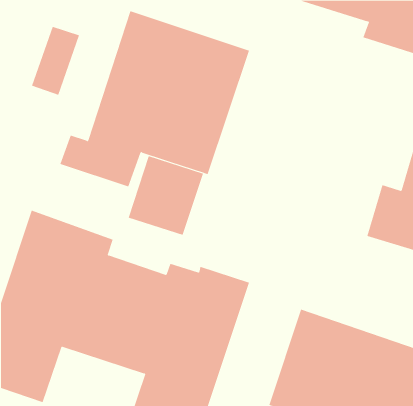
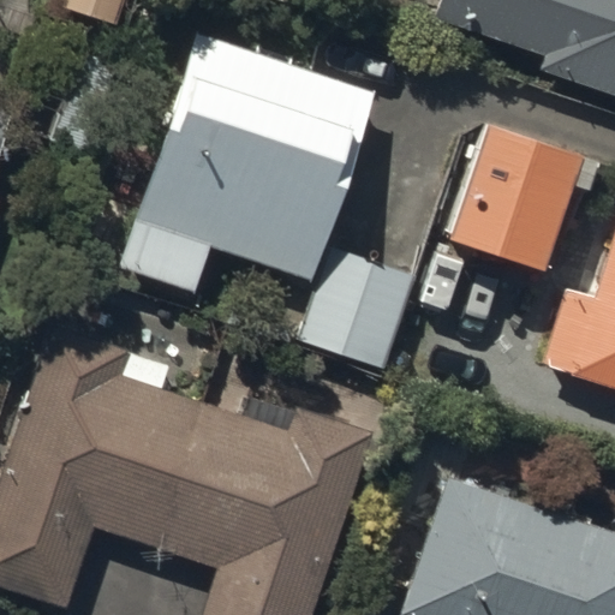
building: none -> [448,133,579,277]
building: [128,156,204,236] -> [303,250,414,368]

